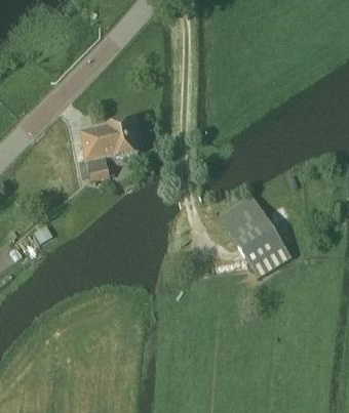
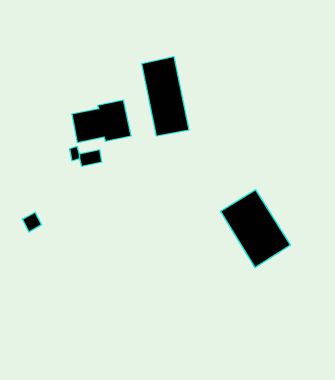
building: none -> [142,57,189,136]

